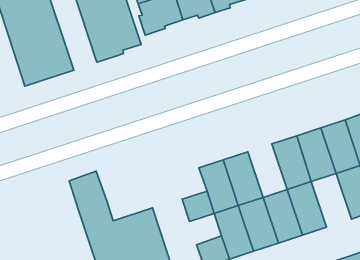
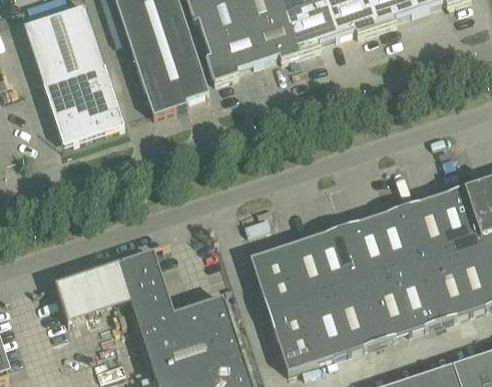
building: none -> [342,216,391,283]
building: none -> [250,246,291,285]
building: none -> [421,253,471,320]
building: none -> [55,262,130,320]
building: none -> [269,303,309,342]

